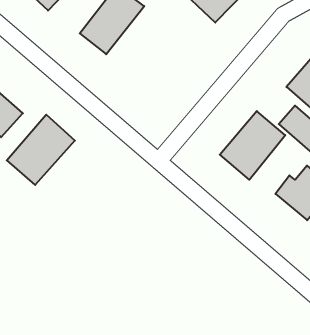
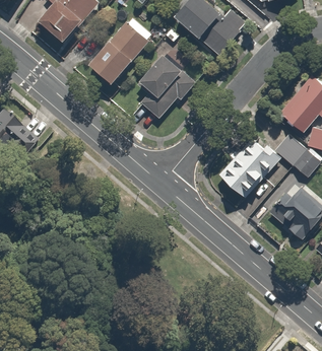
building: none -> [136,50,201,119]
building: [7,115,75,185] -> none

